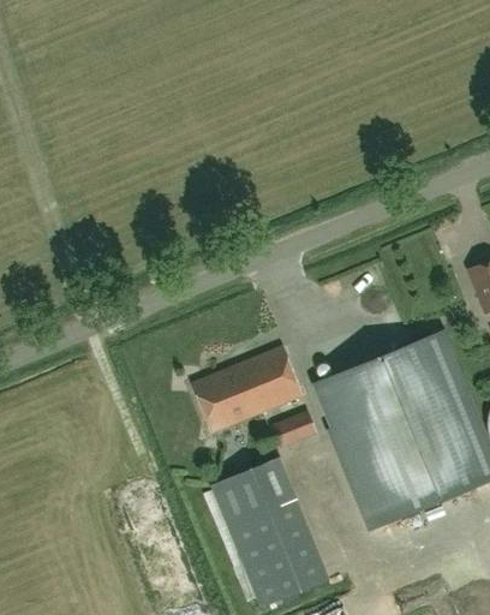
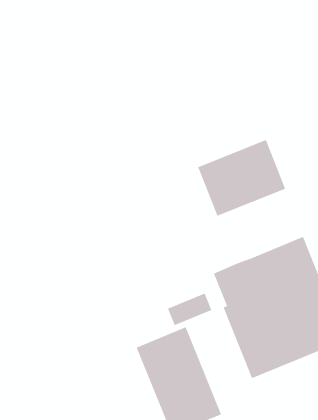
building: none -> [198,139,286,217]
building: [191,346,300,432] -> none

